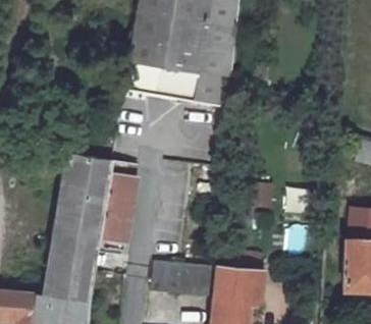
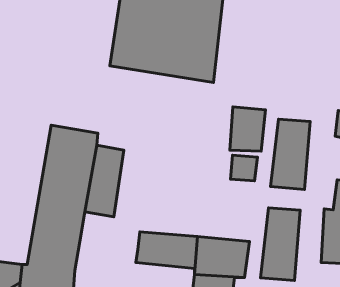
building: none -> [230,107,265,151]
building: none -> [270,119,310,189]
building: none -> [261,208,300,281]

